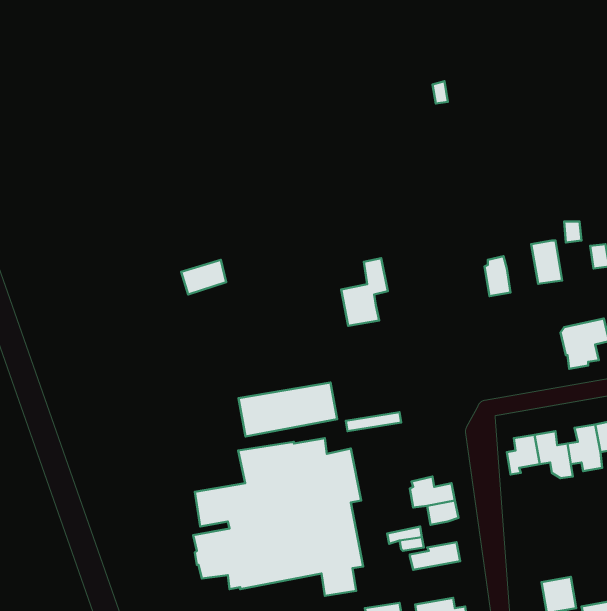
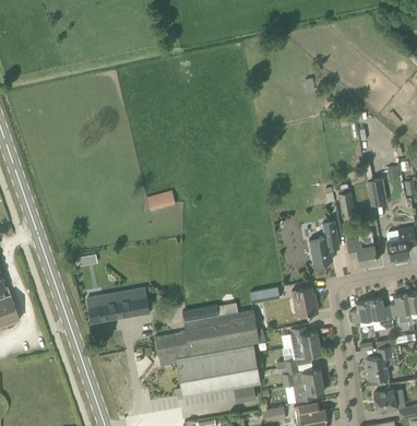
building: [341,258,388,326] -> [309,221,338,263]
building: none -> [346,238,377,265]
building: [239,383,337,436] -> [87,288,150,322]
building: none -> [291,287,318,315]
building: none -> [367,344,401,379]
building: none -> [293,380,324,403]

